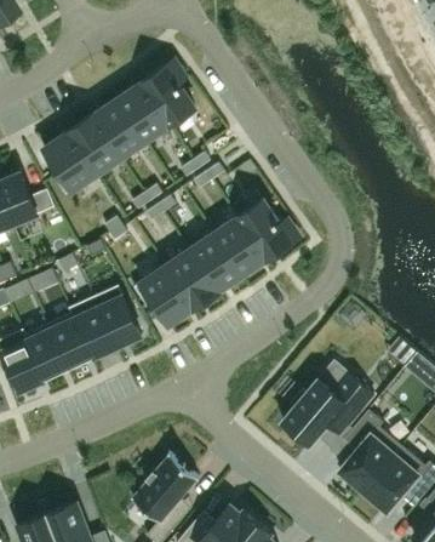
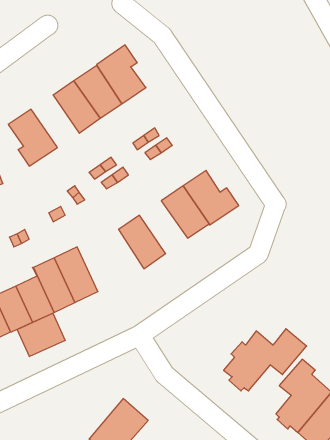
building: [68,115,121,175] -> none
building: [188,234,241,292] -> none
building: [133,266,193,326] -> none
building: none -> [17,313,65,357]

